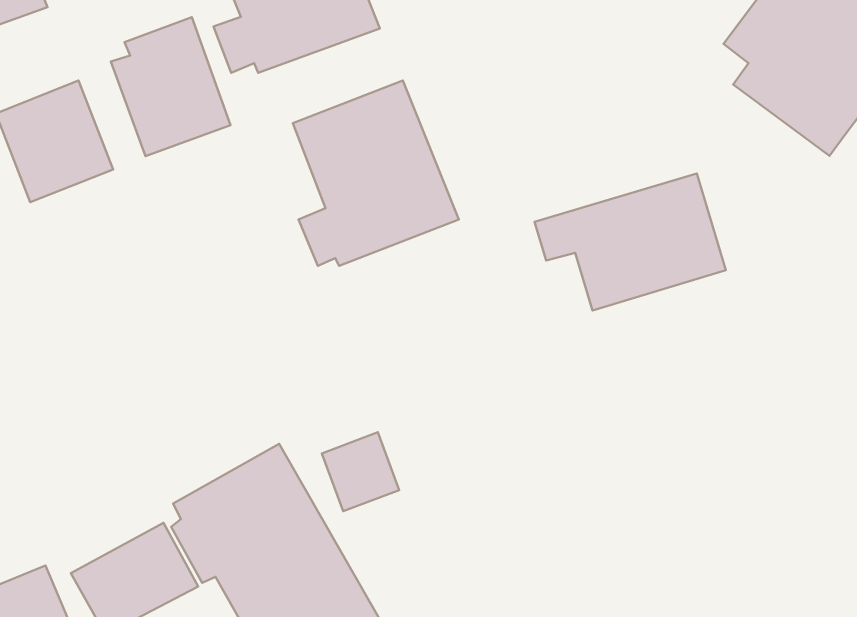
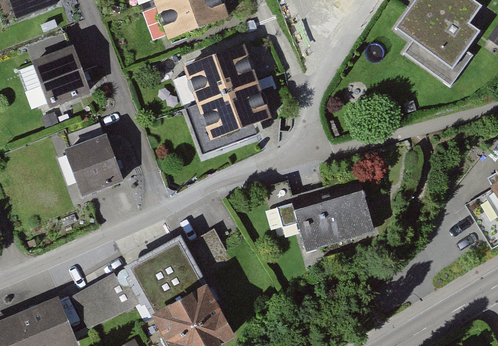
building: [111,17,231,156] -> [60,125,122,197]
building: [535,173,726,311] -> [285,179,384,250]

